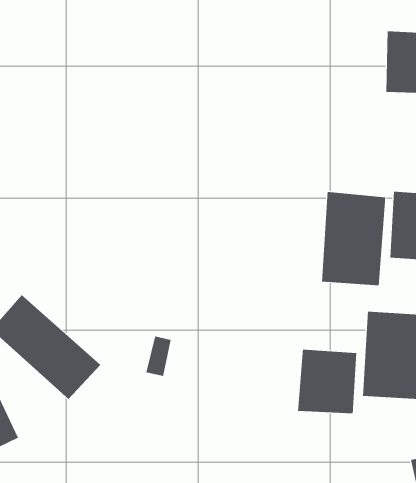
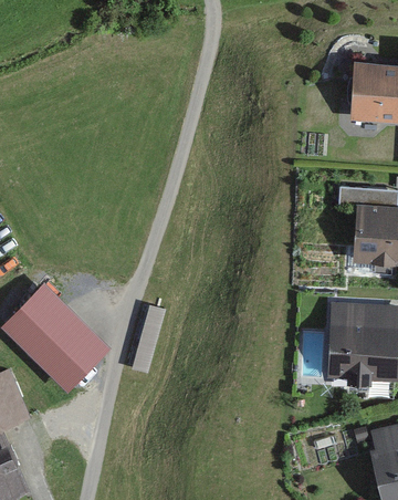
building: [322,191,386,286] -> none
building: [298,349,357,414] -> none

